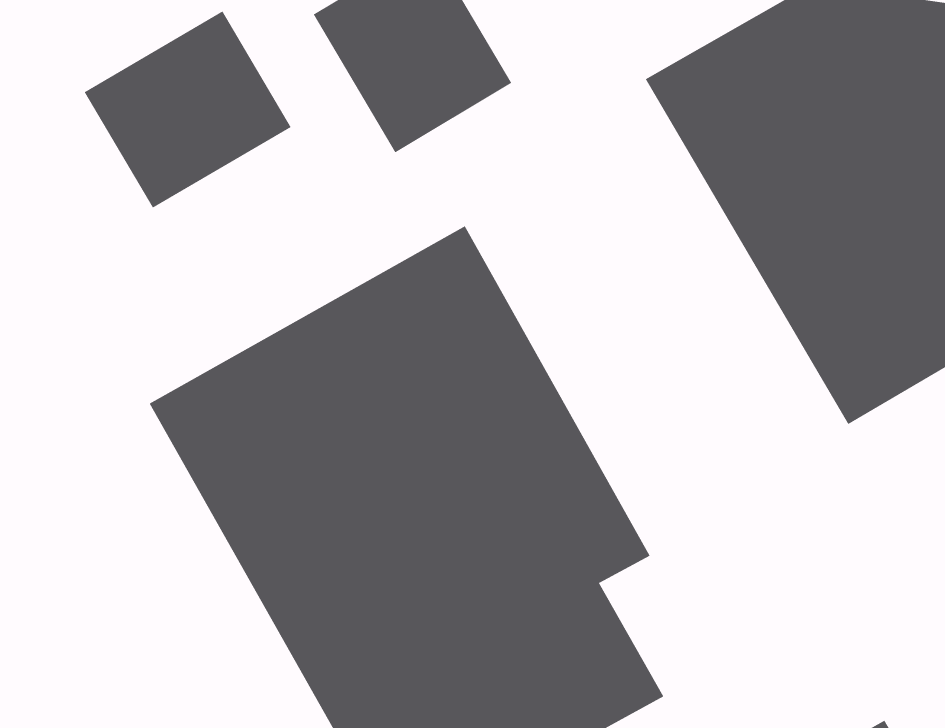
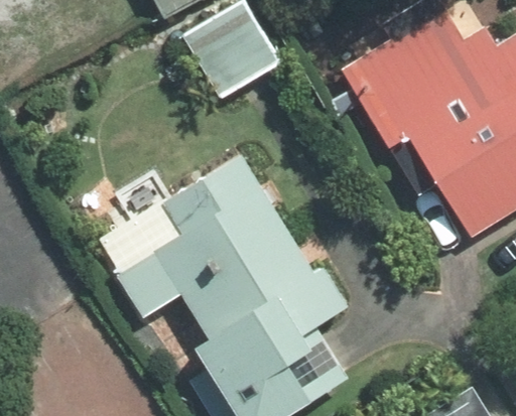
building: [84,10,292,209] -> none

